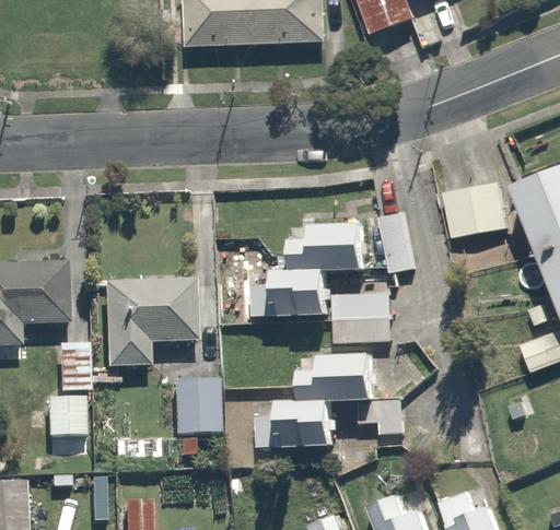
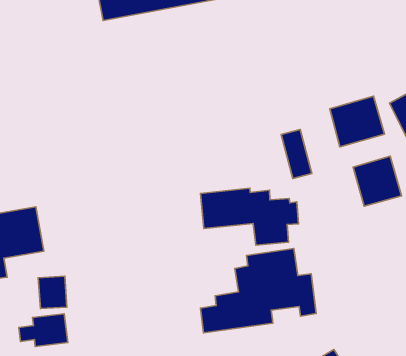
building: [288,225,376,273] -> none
building: none -> [353,156,401,206]
building: [104,285,206,369] -> none
building: [167,378,223,438] -> none

